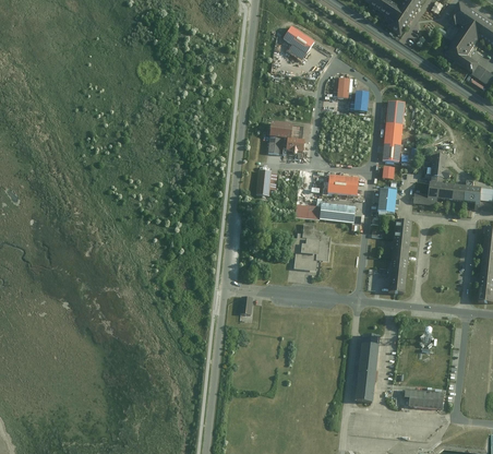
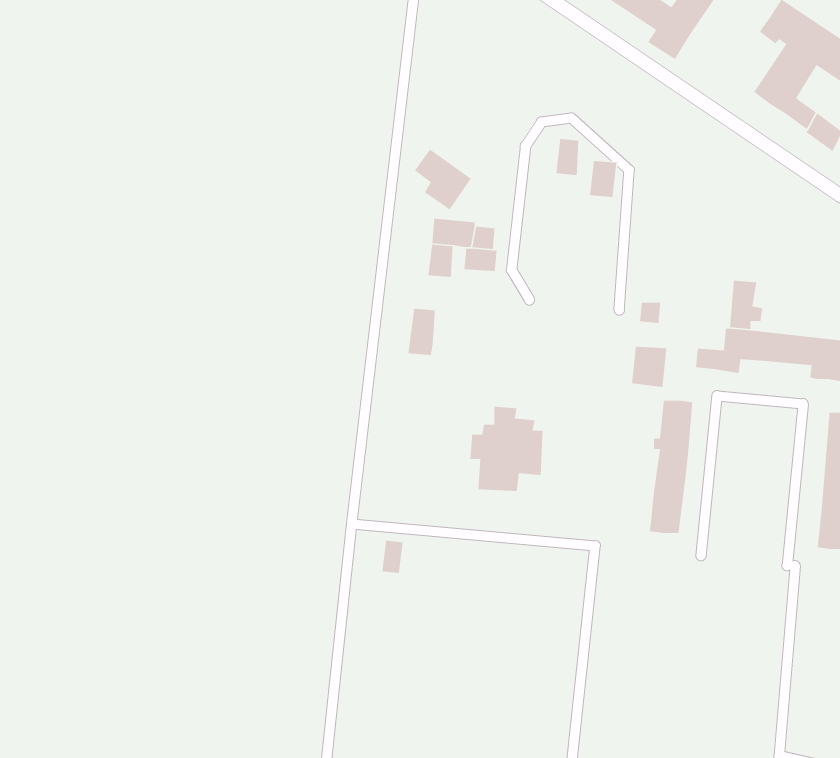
building: [281,26,313,60] -> [414,148,472,210]
building: [384,100,408,163] -> none
building: [328,176,360,194] -> none
building: [322,202,356,222] -> none
building: [357,334,381,402] -> none
building: [405,389,445,408] -> none

